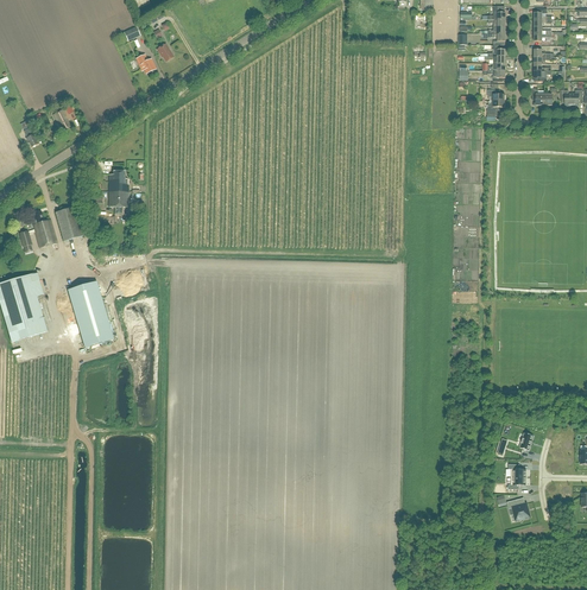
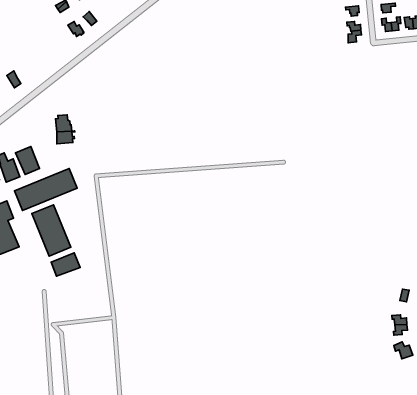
building: none -> [14,169,77,210]
building: none -> [51,253,80,276]

